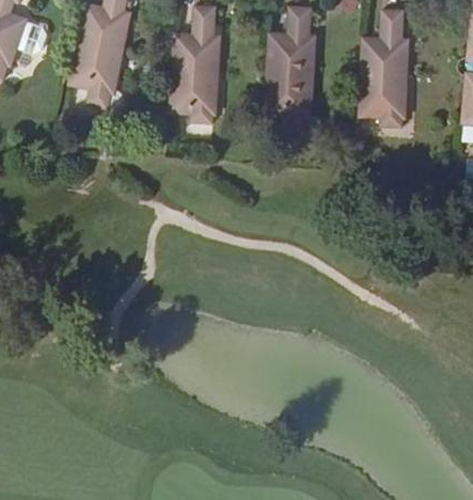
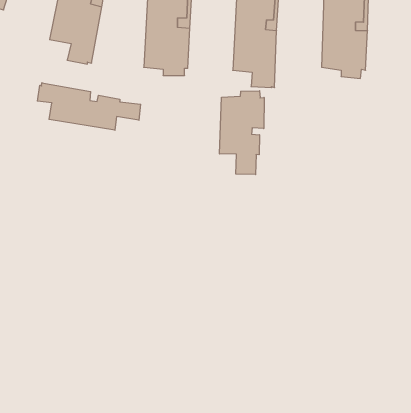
building: none -> [37,83,141,130]
building: none -> [220,91,264,175]

